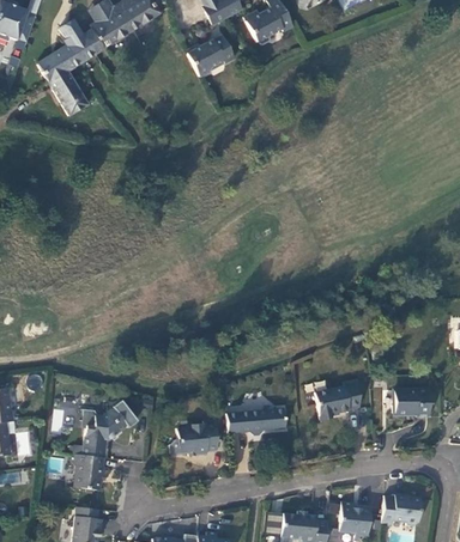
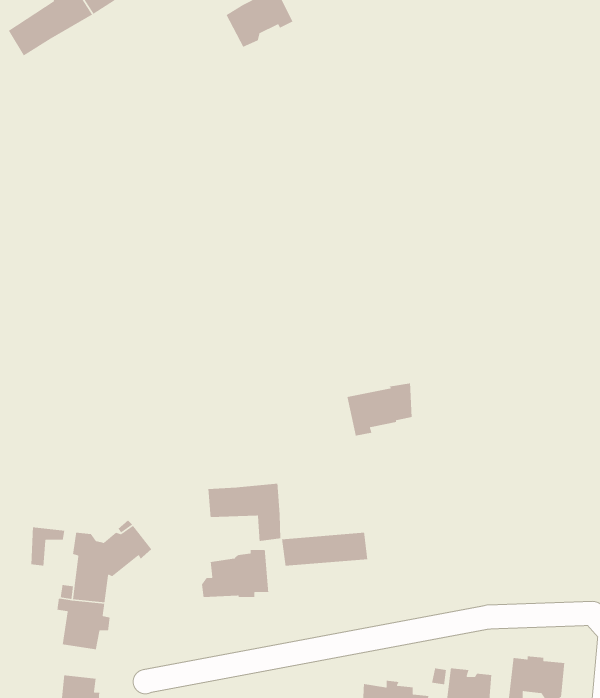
building: [48,69,87,115] -> none
building: none -> [207,483,281,542]
building: [314,382,359,419] -> [346,383,413,437]
building: [392,389,429,416] -> none

